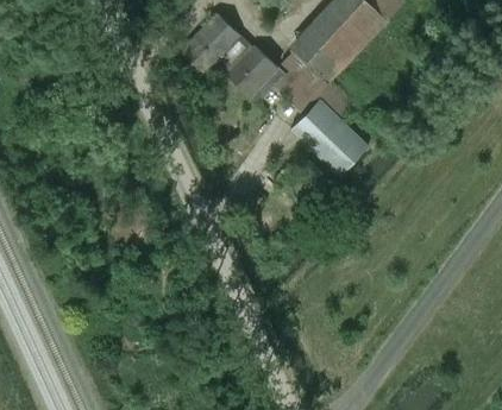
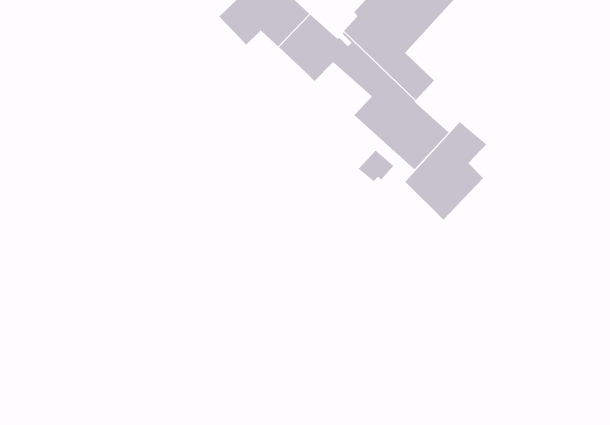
building: none -> [405,121,487,220]

